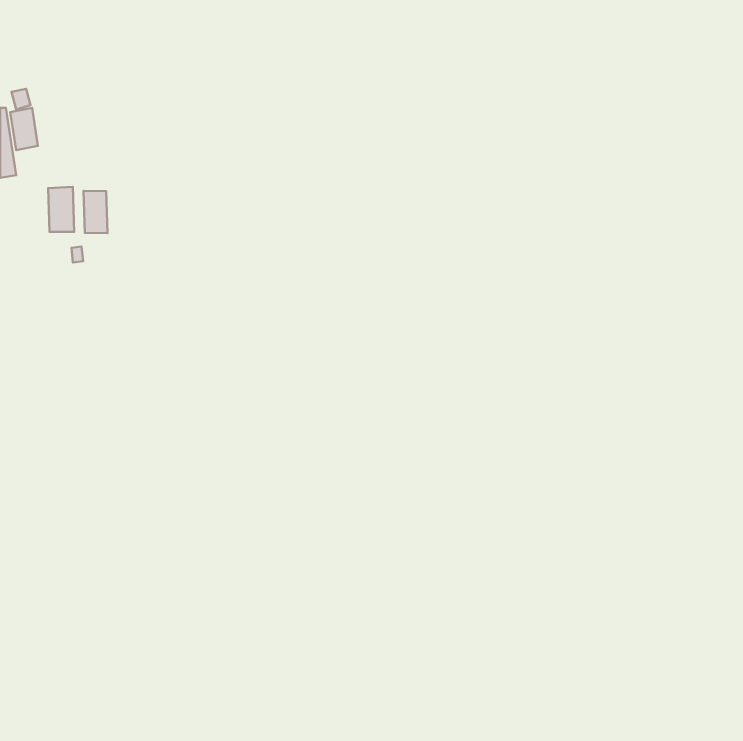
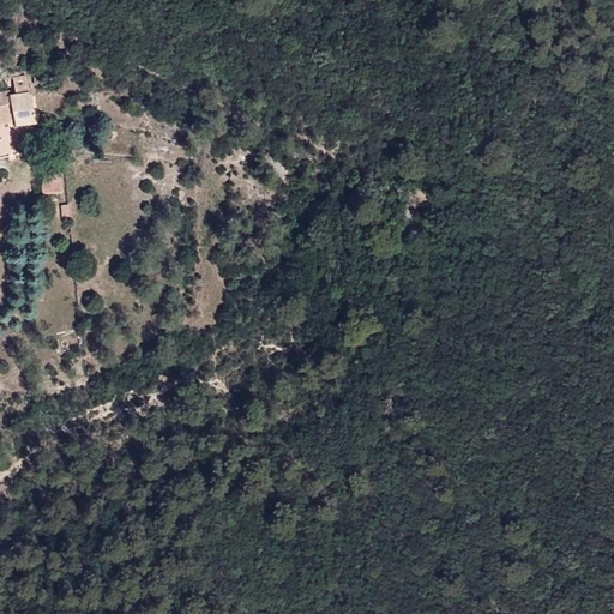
building: [83,191,107,233] -> none

